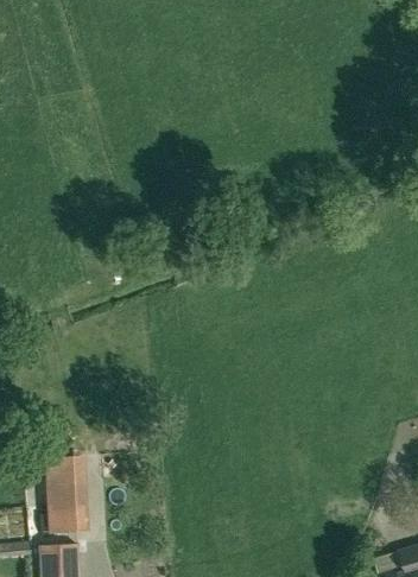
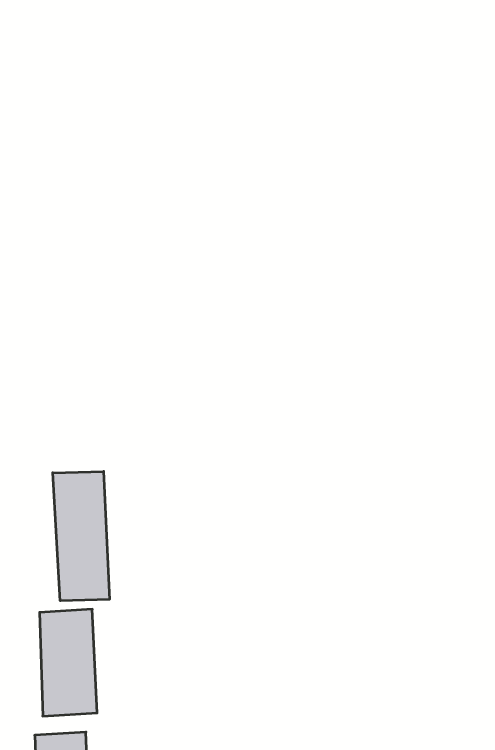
building: none -> [53,471,109,601]

